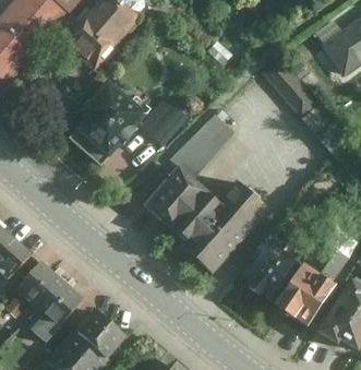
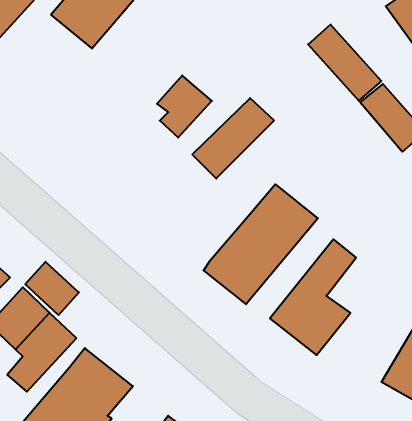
building: [69,75,147,162] -> none
building: [143,165,217,239] -> none
building: none -> [25,262,79,315]
building: [273,267,334,332] -> none

